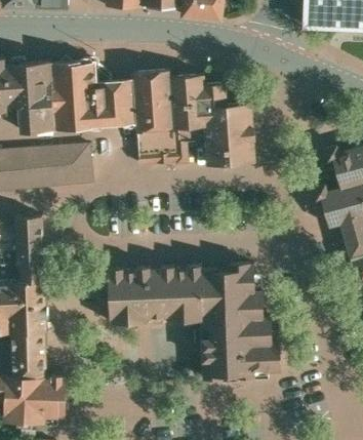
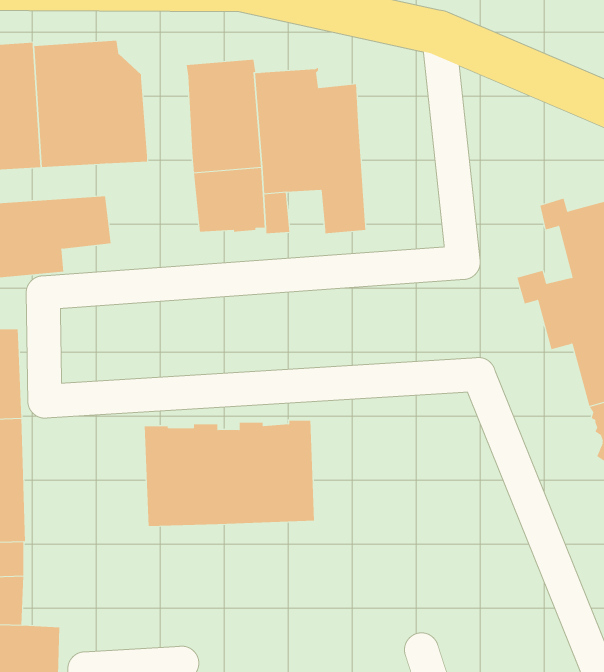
building: [109,80,135,123] -> none
building: [226,104,254,163] -> none
building: [200,264,280,379] -> none

